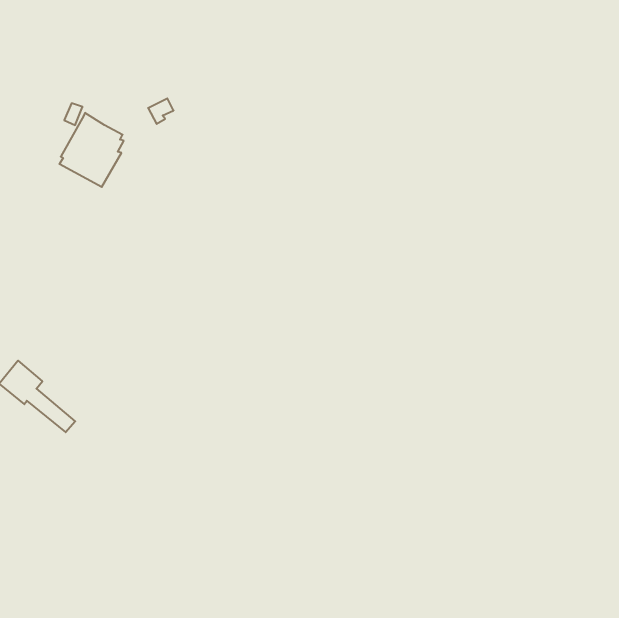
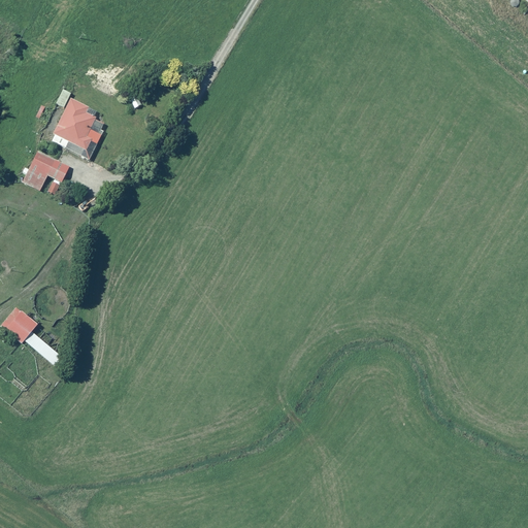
building: none -> [22,148,70,195]

